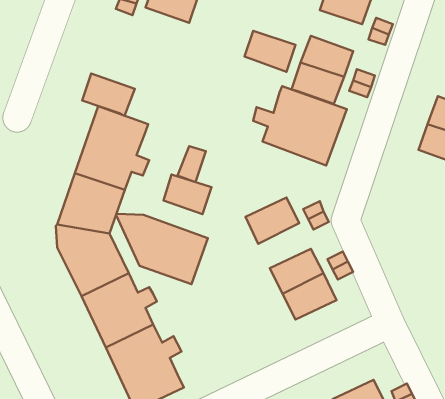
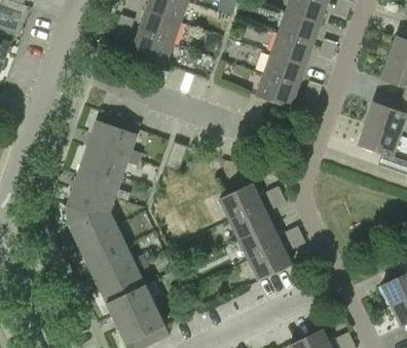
building: [244,31,296,72] -> [271,33,312,66]
building: [82,73,135,116] -> [132,31,174,65]
building: [253,86,347,165] -> none
building: [163,175,212,214] -> none
building: [116,214,208,284] -> none
building: none -> [229,203,271,239]

